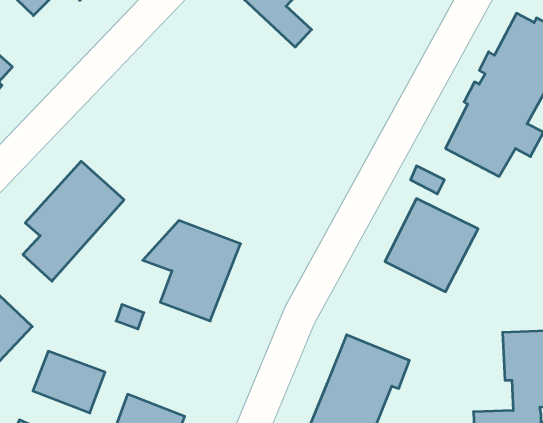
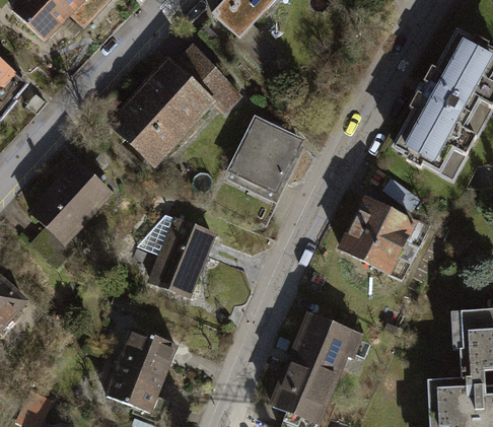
building: none -> [113,41,241,165]
building: none -> [229,117,311,197]
building: [33,351,105,413] -> [119,328,182,381]

